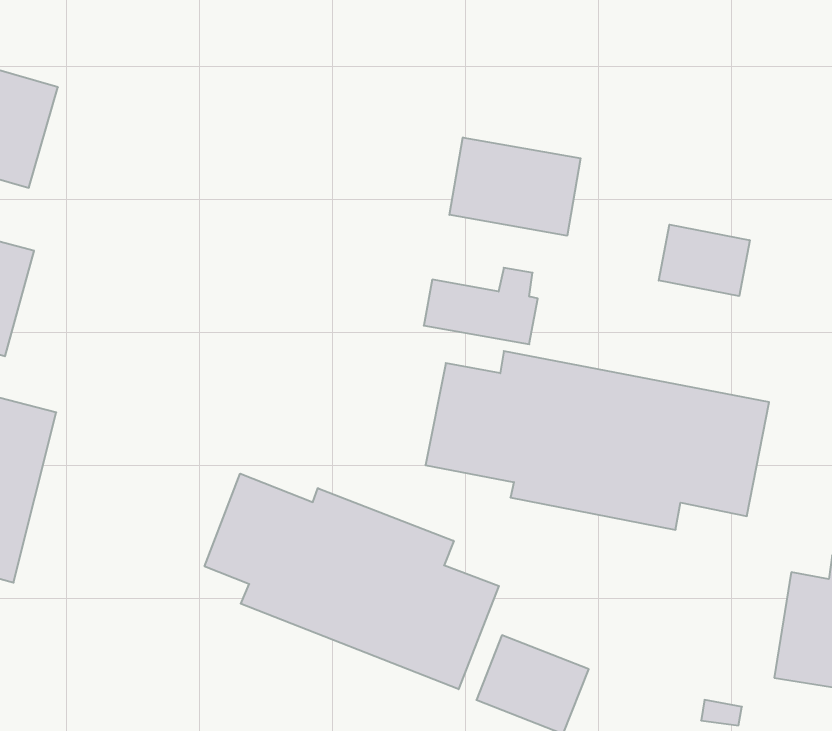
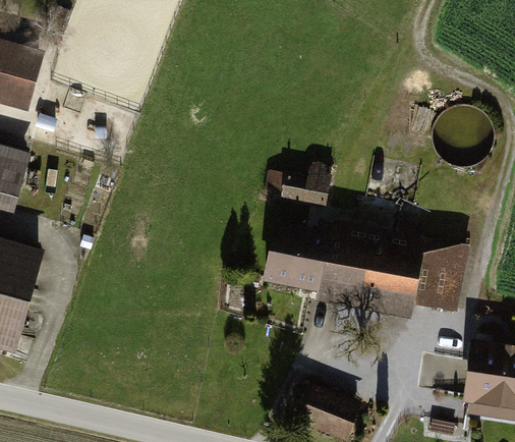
building: [449,137,581,236] -> none
building: [659,225,750,296] -> none
building: [205,474,499,689] -> none

